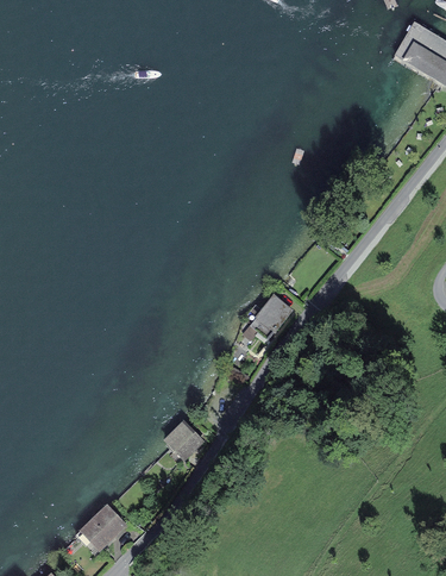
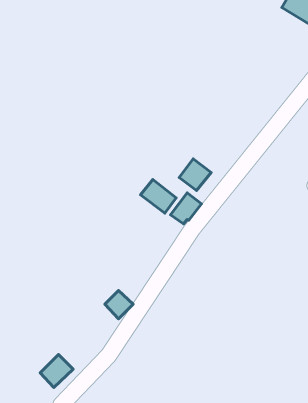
building: none -> [179,159,211,191]
building: none -> [141,180,176,213]

